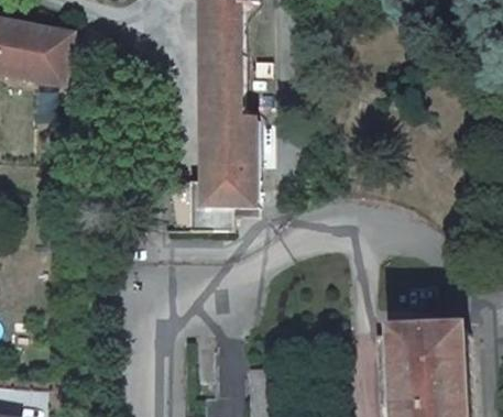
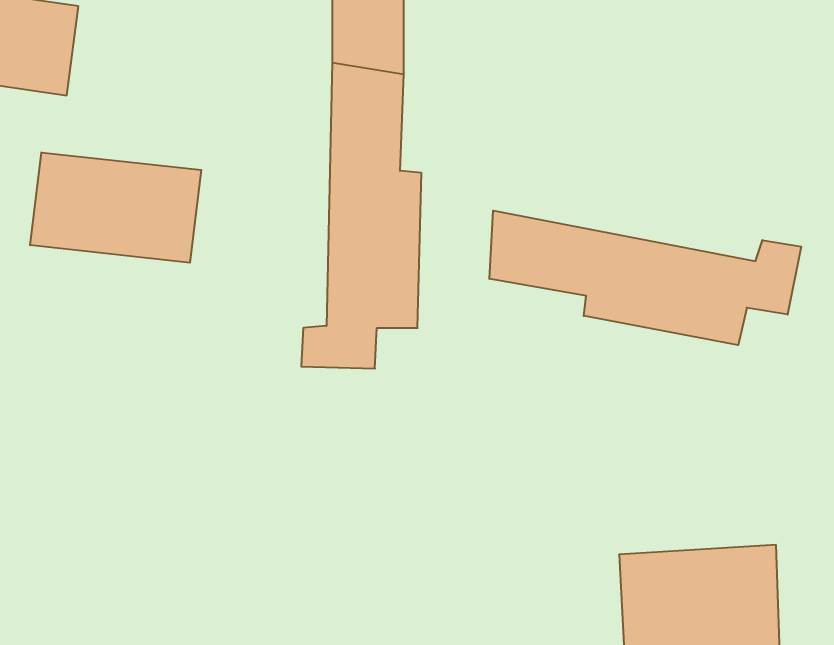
building: none -> [30,152,201,263]
building: none -> [489,211,801,345]

